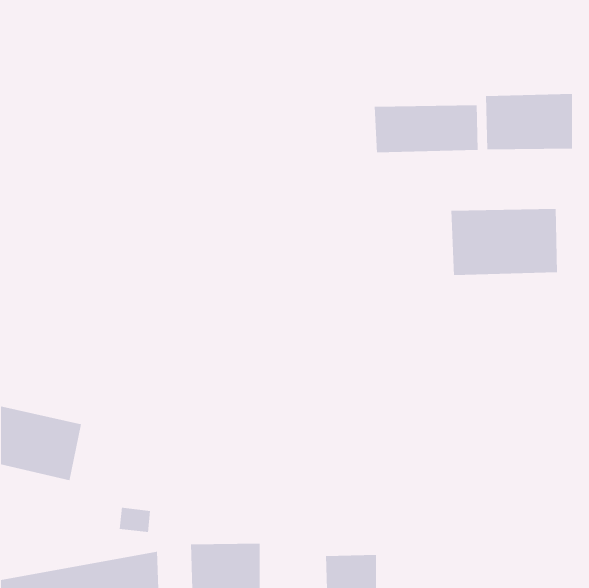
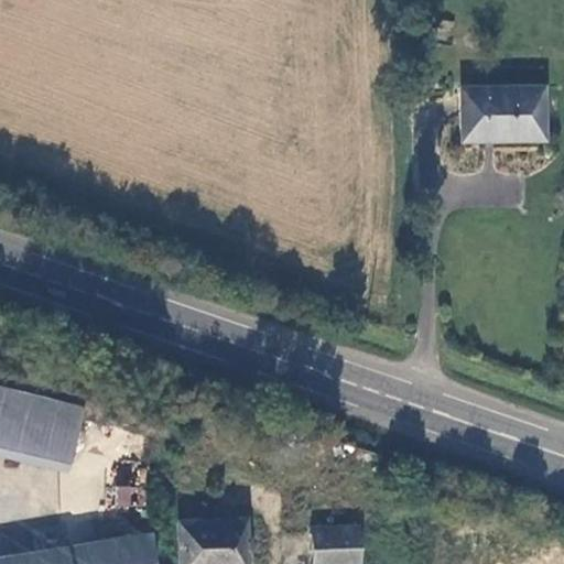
building: [374,104,478,153] -> none
building: [451,208,557,276] -> none

